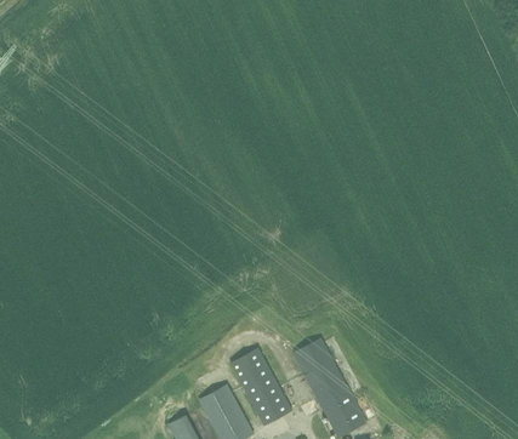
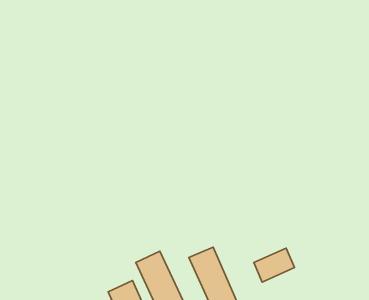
building: none -> [254,248,294,282]

